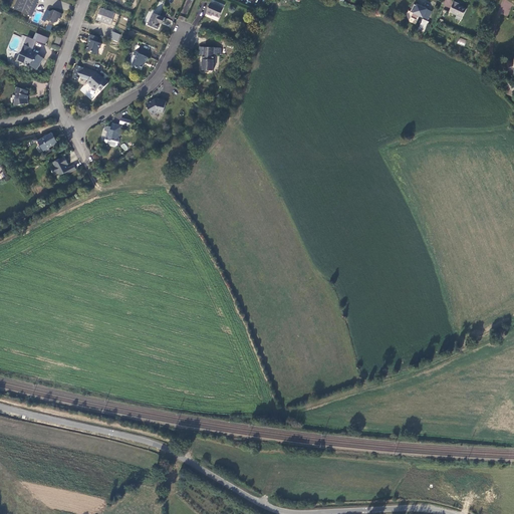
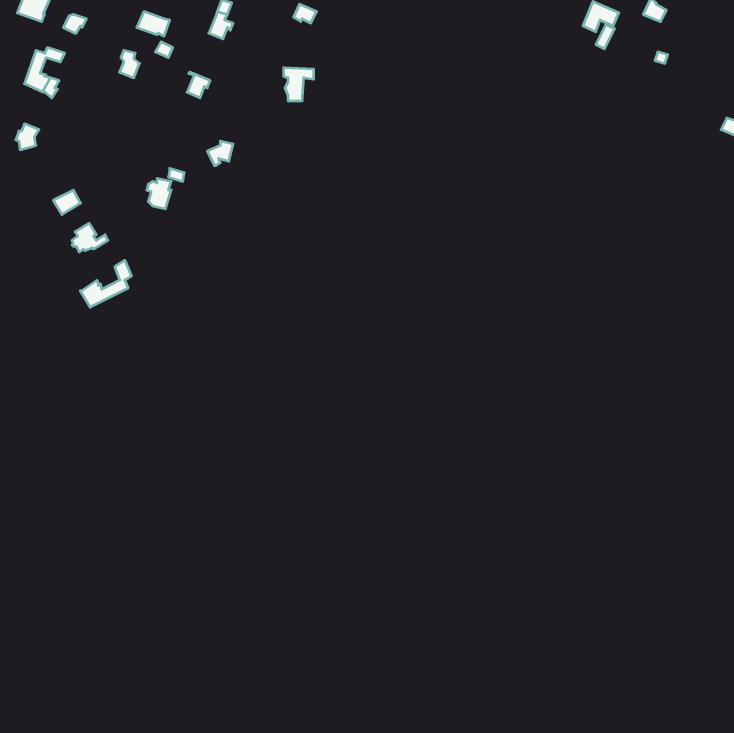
building: [71,65,106,89] -> none
building: none -> [80,260,131,307]

